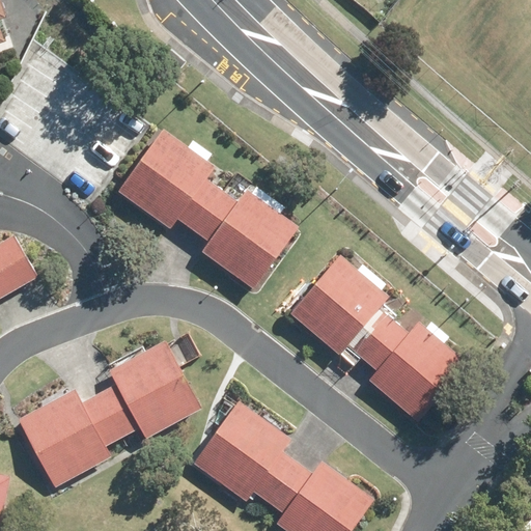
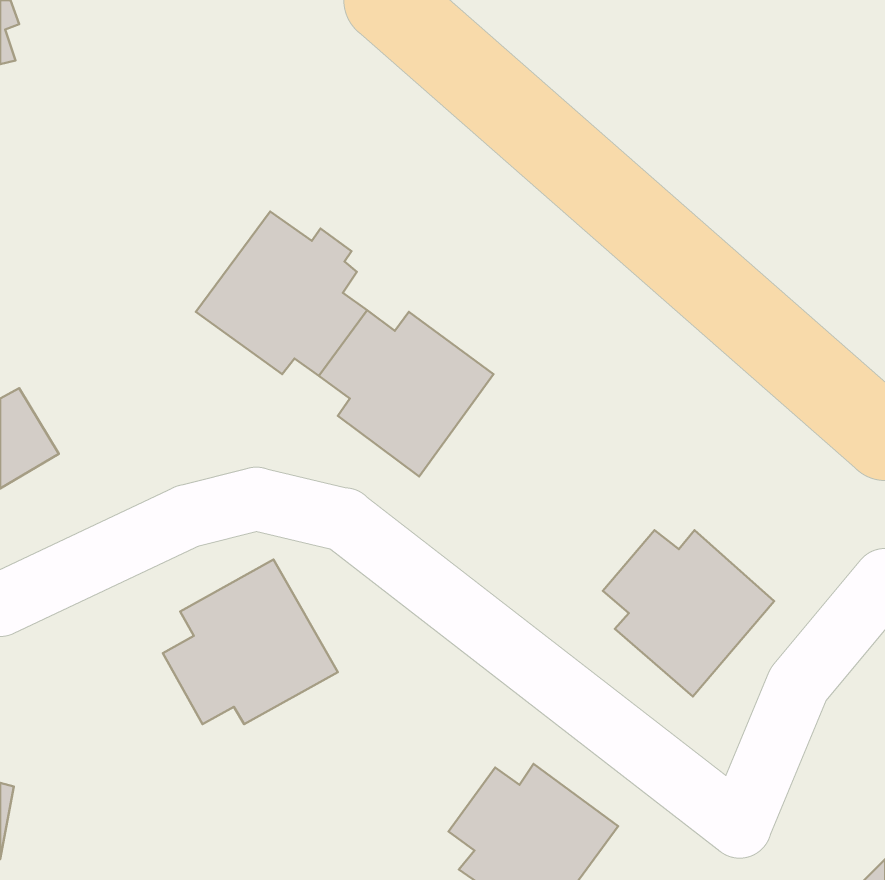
building: [289,254,392,357] -> none
building: [20,390,121,485] -> none
building: [193,400,297,501] -> none

